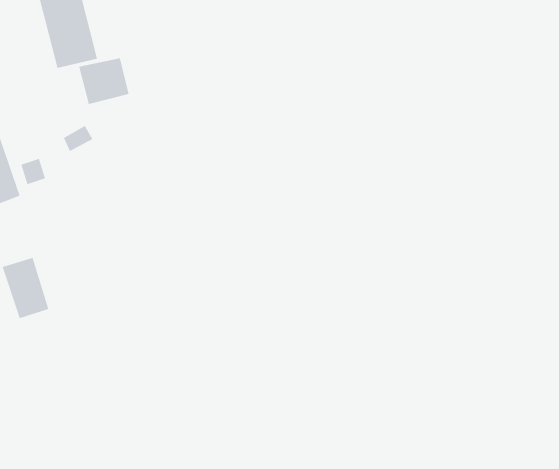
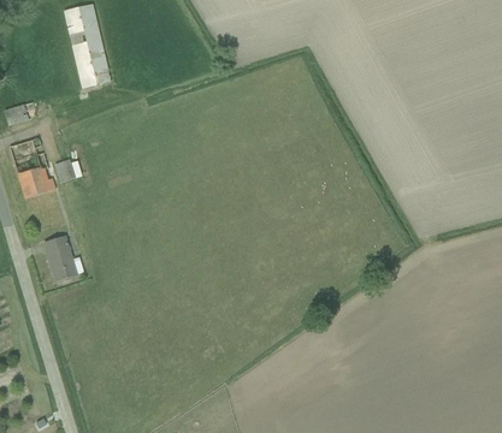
building: [79,57,129,105] -> none

